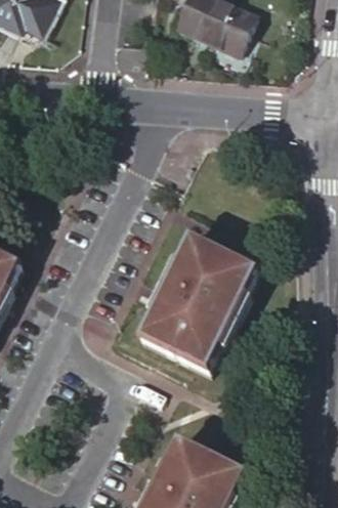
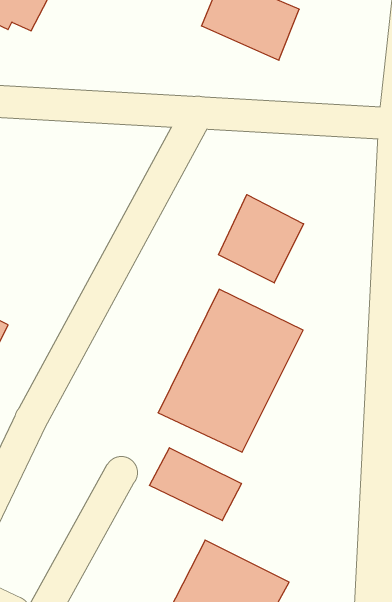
building: none -> [219,195,304,283]
building: none -> [149,448,241,521]

